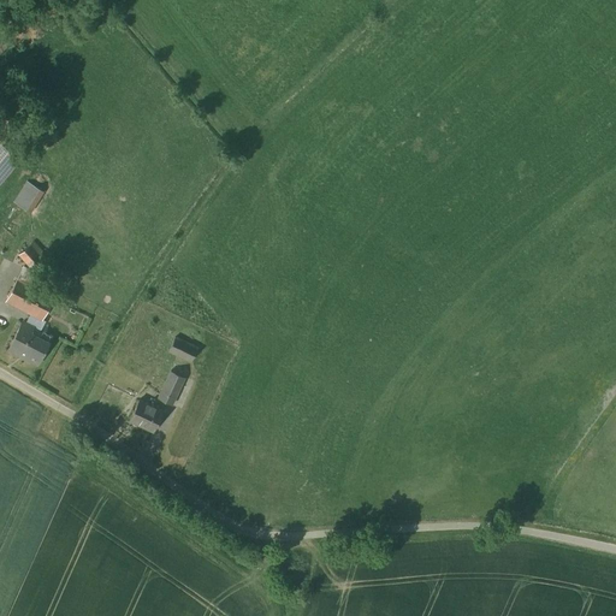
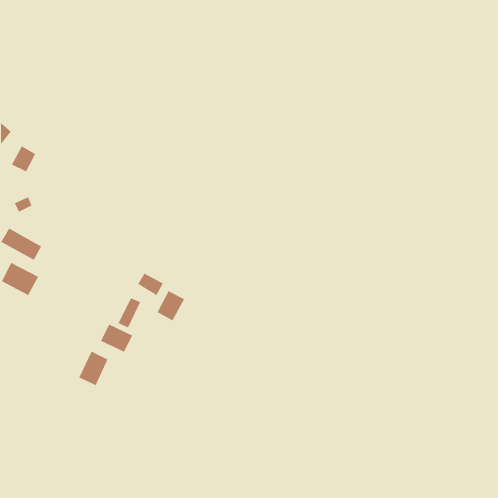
building: none -> [156,290,185,322]
building: none -> [78,351,109,386]

